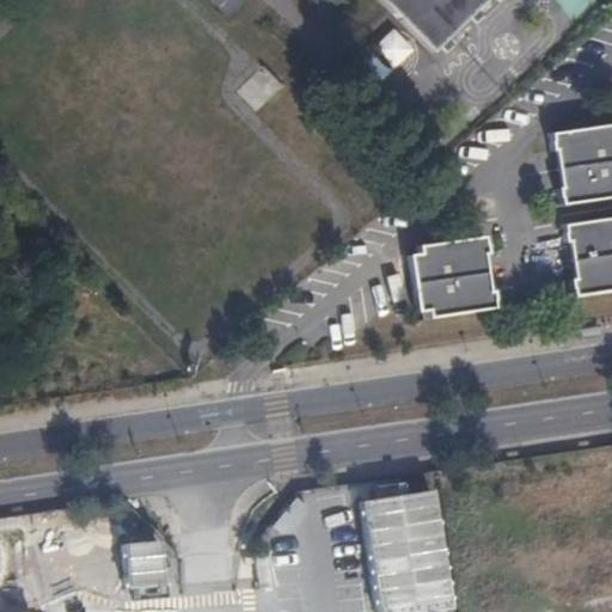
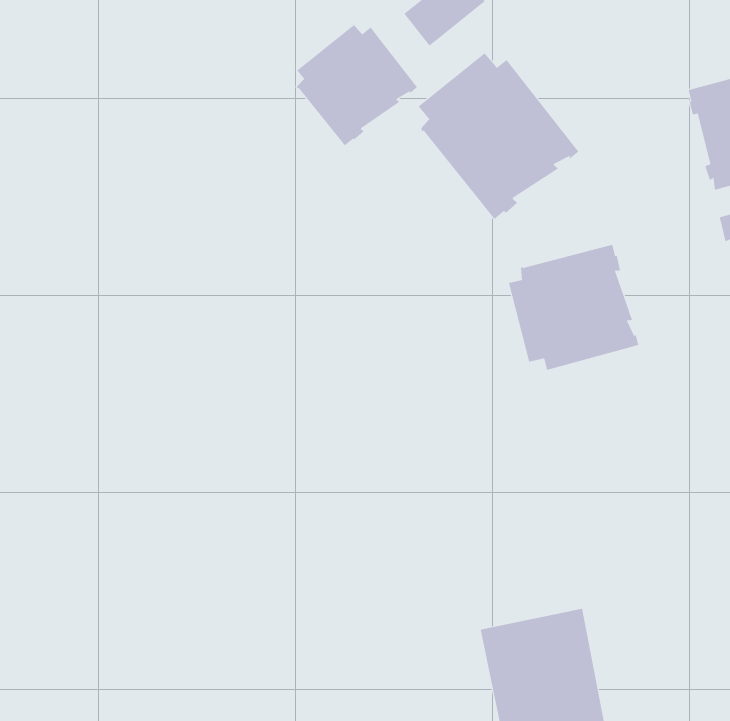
building: none -> [296,24,418,146]
building: none -> [418,53,579,220]

